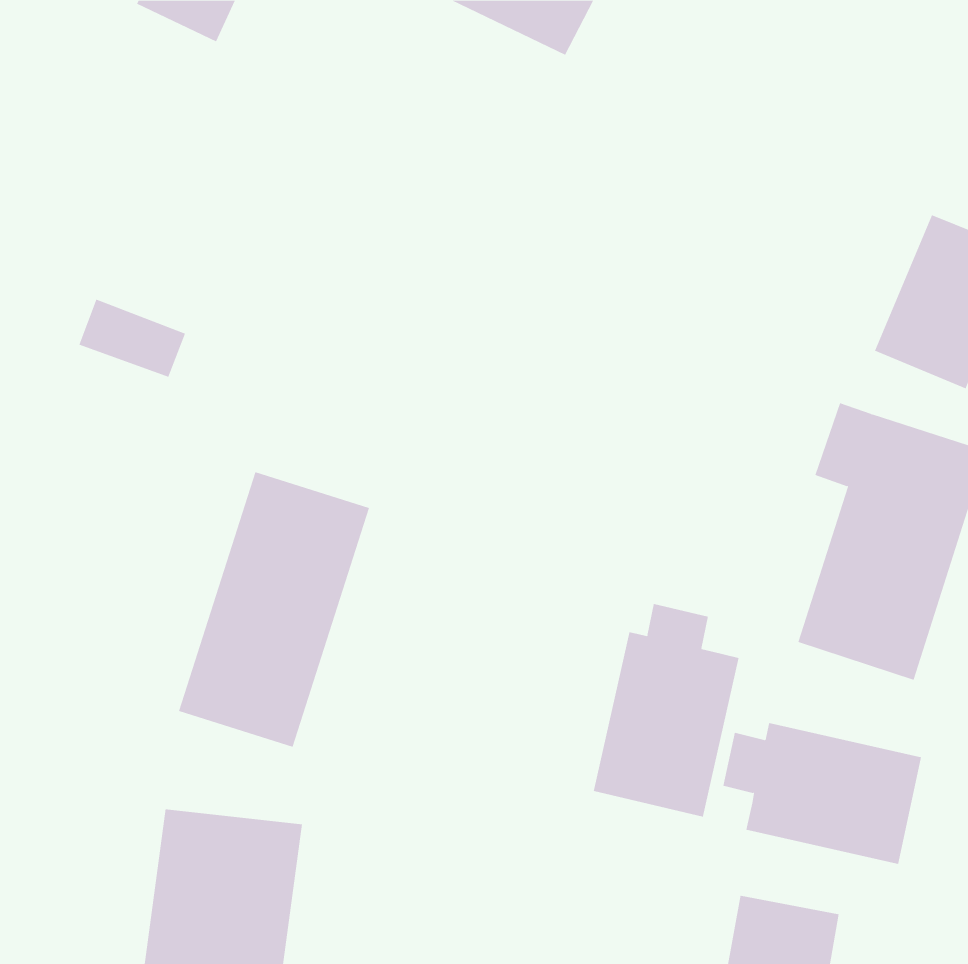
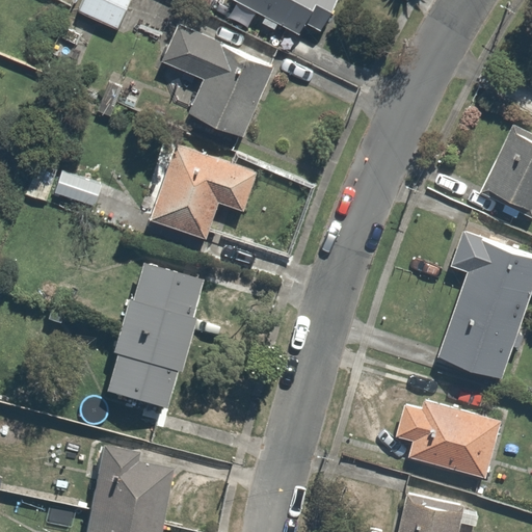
building: none -> [161,23,273,136]
building: none -> [149,143,256,239]
building: [593,603,739,817] -> none

